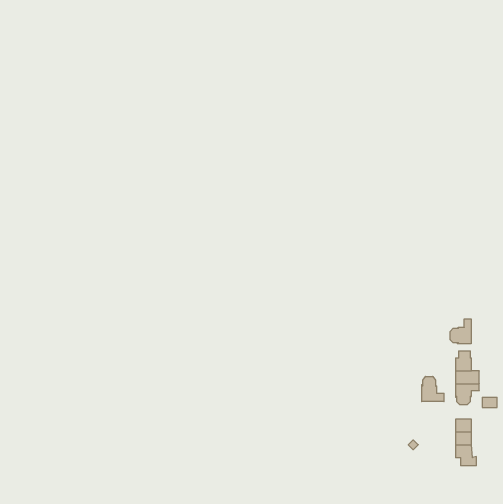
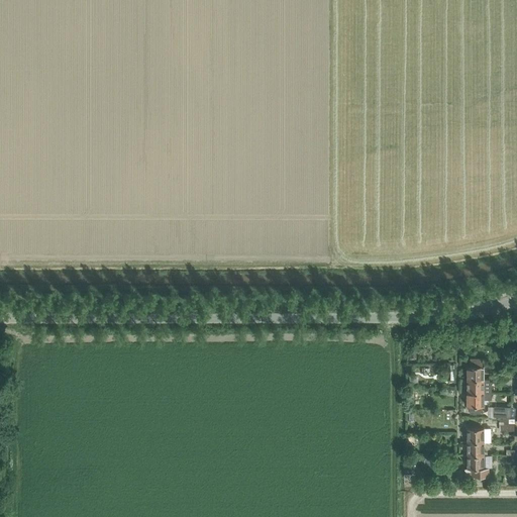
building: [450,319,471,344] -> none
building: [422,376,444,402] -> none

